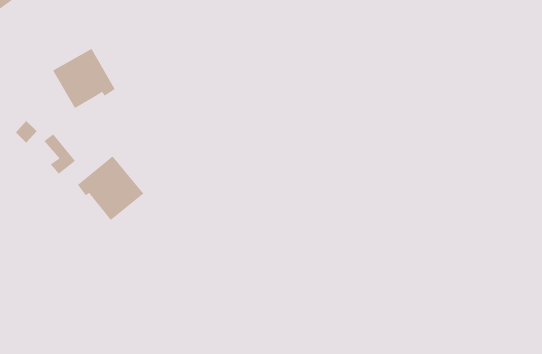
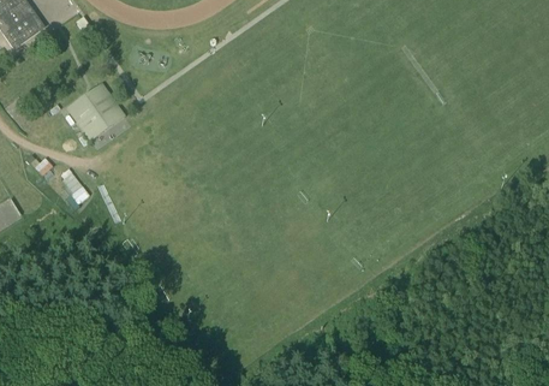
building: [77,156,144,221] -> none

